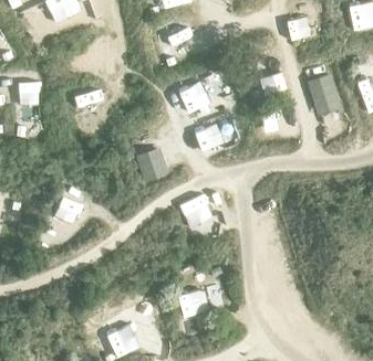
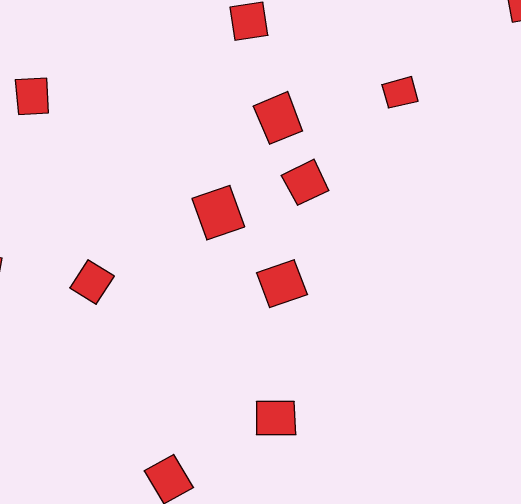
building: [309,75,342,117] -> none

